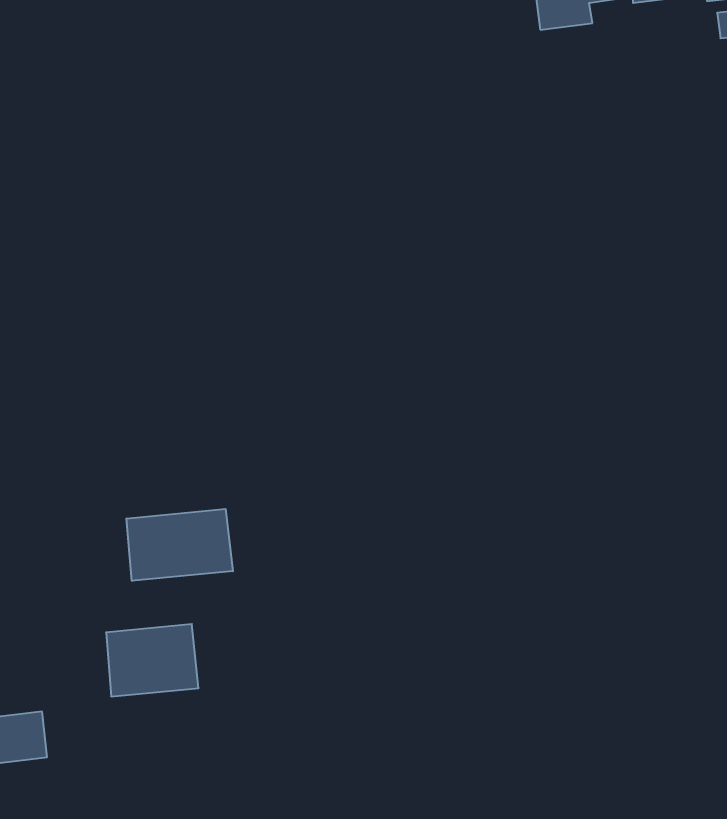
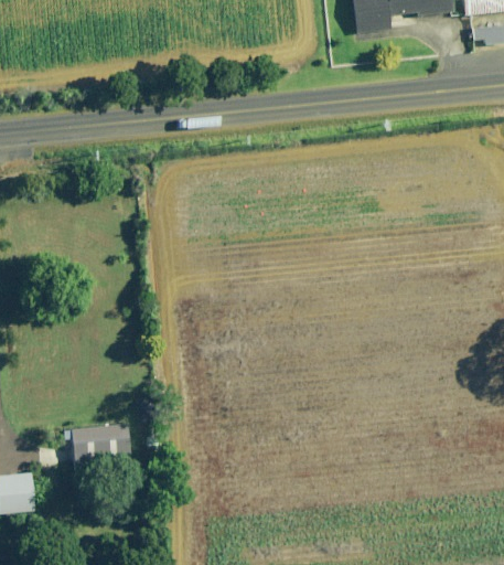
building: [127,509,233,581] -> none

